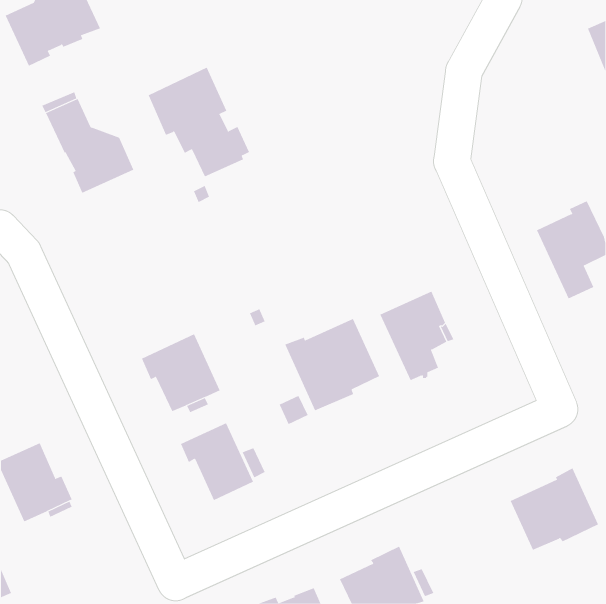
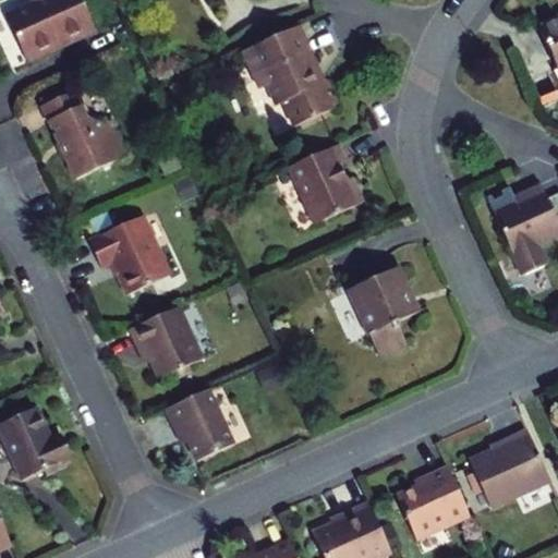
building: [148,67,250,177] -> [242,24,336,125]
building: none -> [289,144,362,223]
building: none -> [88,215,169,294]
building: [285,318,380,411] -> none
building: none -> [395,466,470,541]

